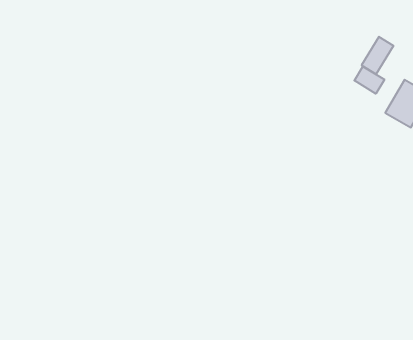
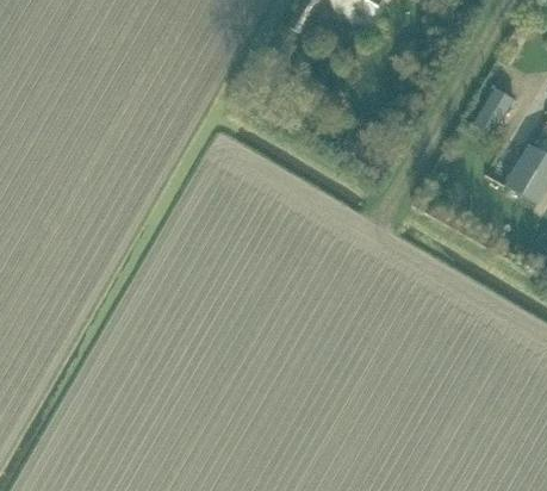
building: [354,66,384,94] -> none

